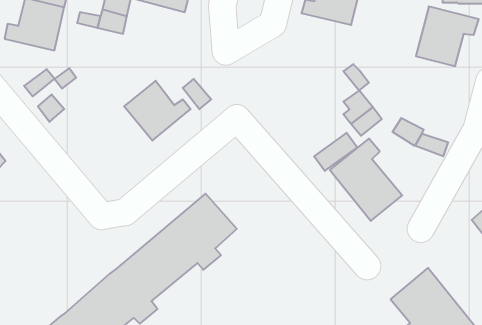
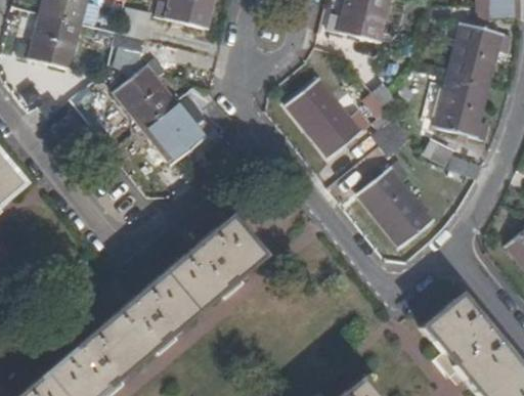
building: none -> [114,59,175,127]
building: none -> [434,75,489,141]
building: none -> [285,78,370,159]

